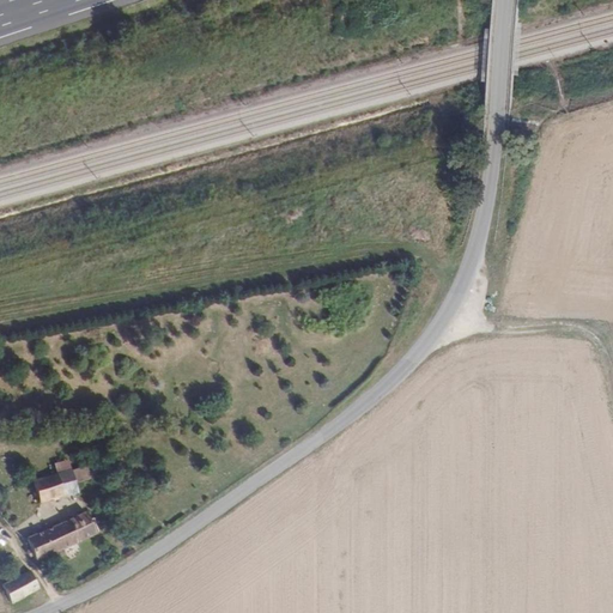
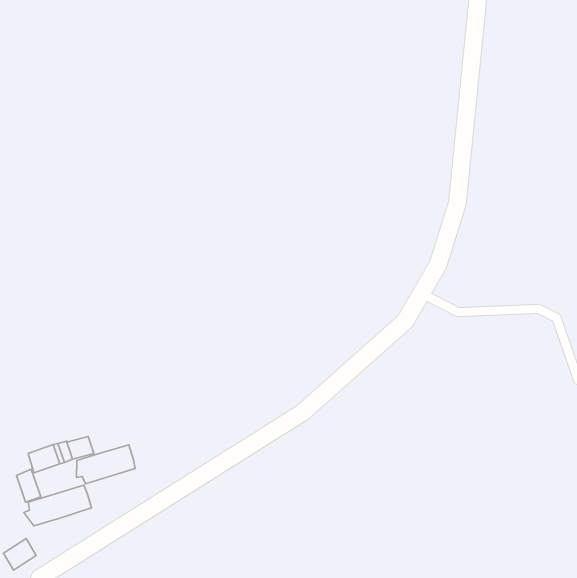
building: none -> [77,445,135,484]
building: none -> [17,469,41,502]

